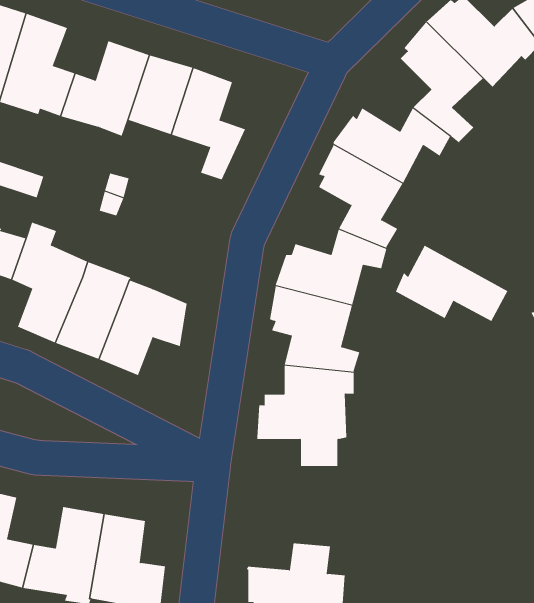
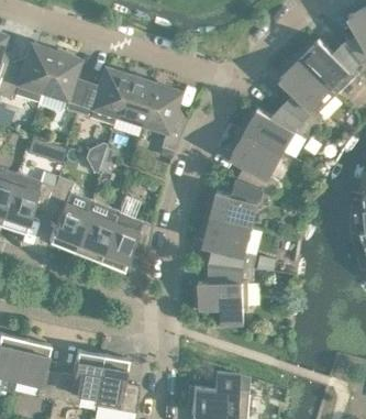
building: [395,245,508,322] -> none

